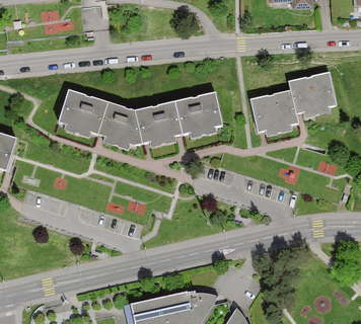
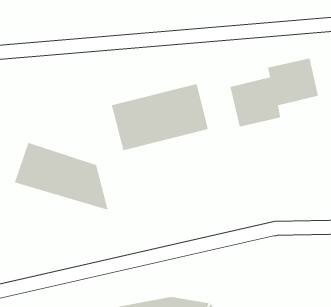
building: [59,89,148,154] -> [14,142,109,211]

